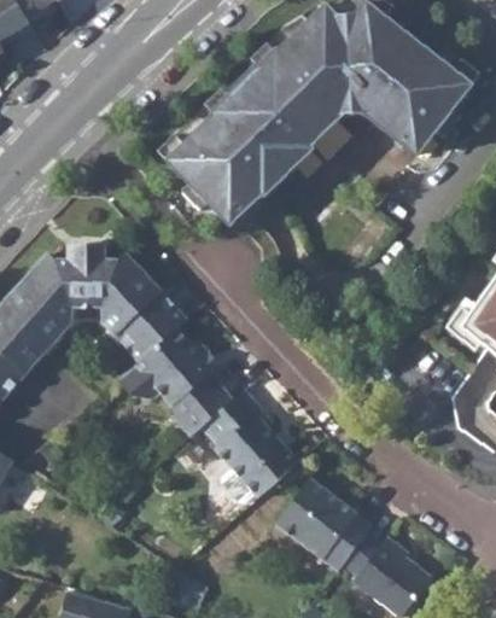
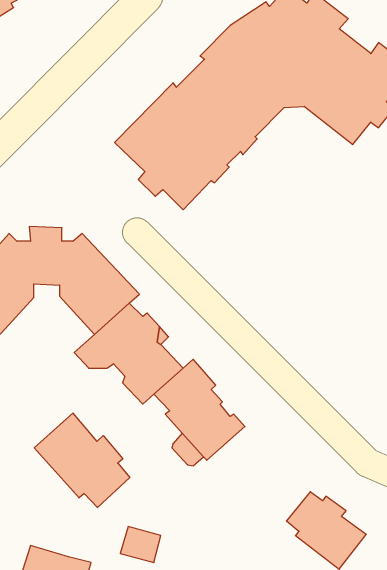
building: none -> [34,413,130,508]
building: [275,477,373,570] -> none

